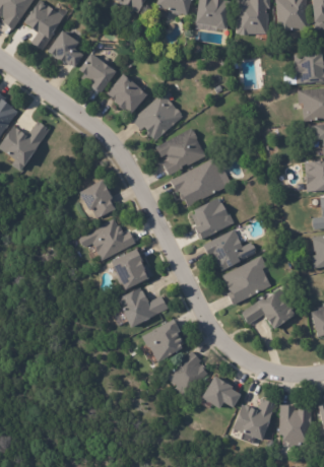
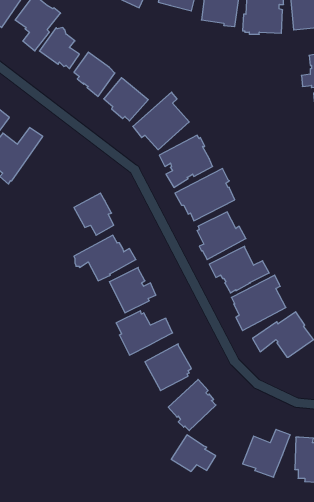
building: [202,376,243,409] -> [171,435,216,471]

